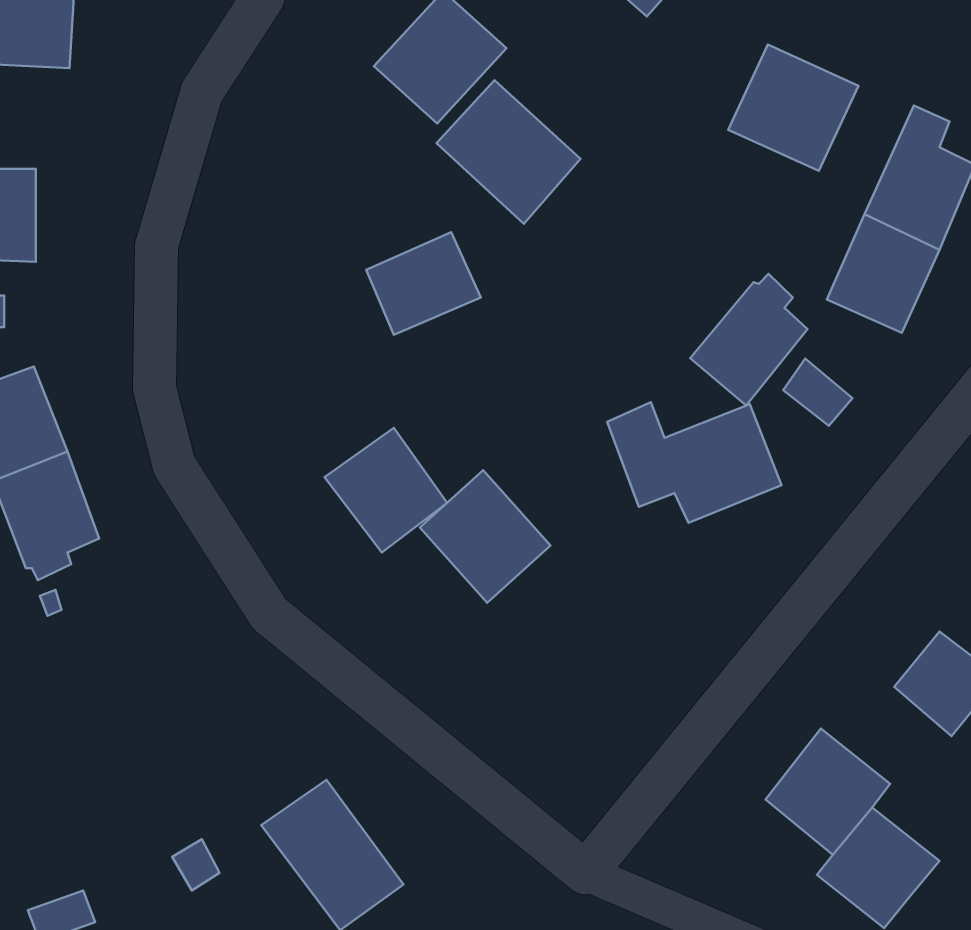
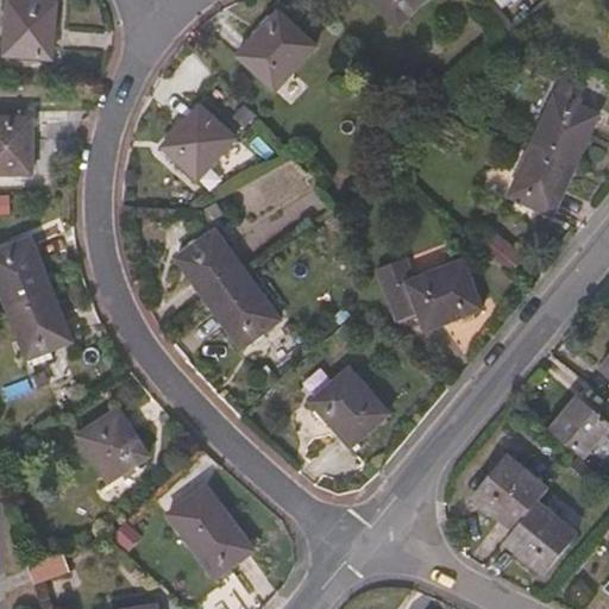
building: [728,45,858,171] -> none
building: [437,80,580,224] -> none
building: none -> [162,103,236,178]
building: [690,274,808,406] -> none
building: none -> [174,228,247,302]
building: [420,470,550,603] -> [309,366,388,446]
building: none -> [76,408,147,481]

